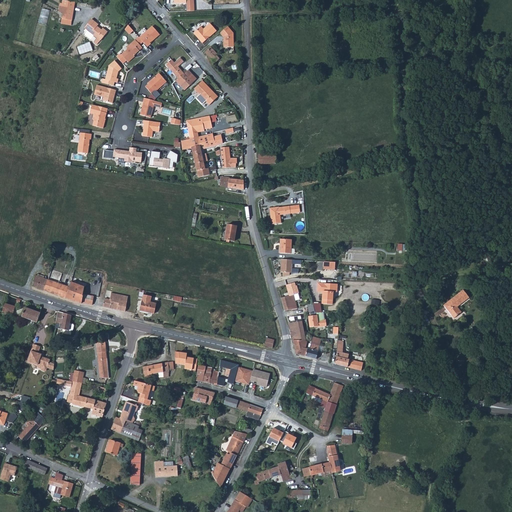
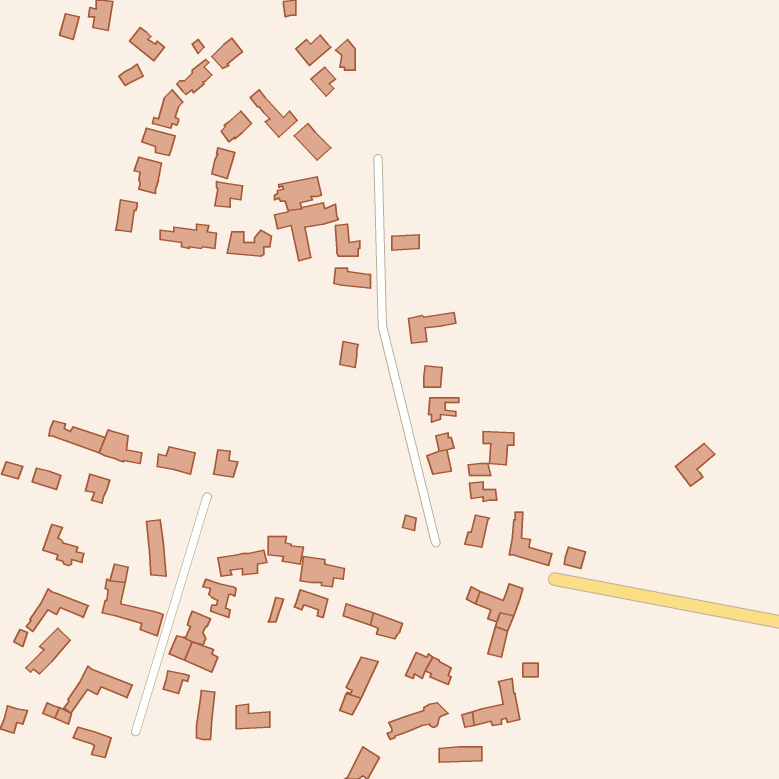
building: [287,321,307,357] -> none
building: [236,367,272,387] -> none
building: none -> [26,589,88,631]
building: none -> [64,666,133,713]

